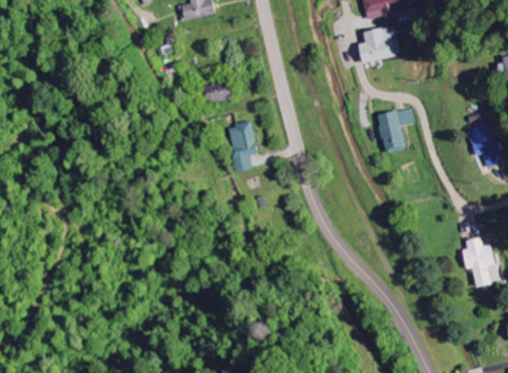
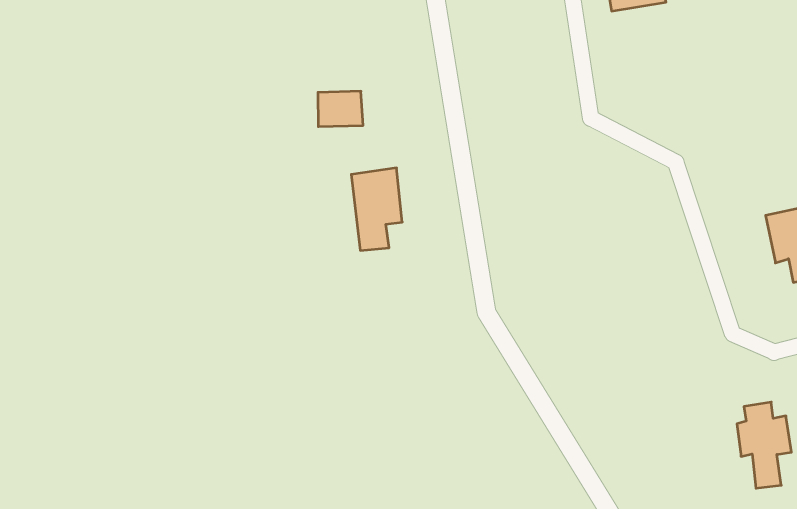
building: [360,26,398,63] -> none
building: [378,108,413,152] -> none

